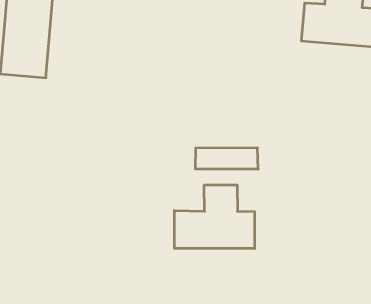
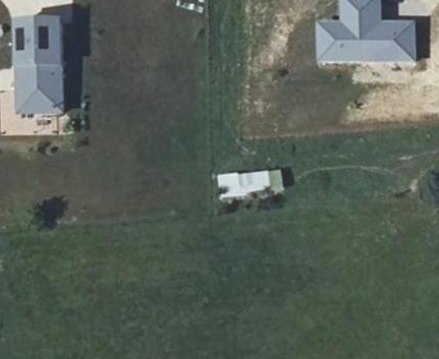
building: [174,185,255,249] -> none

